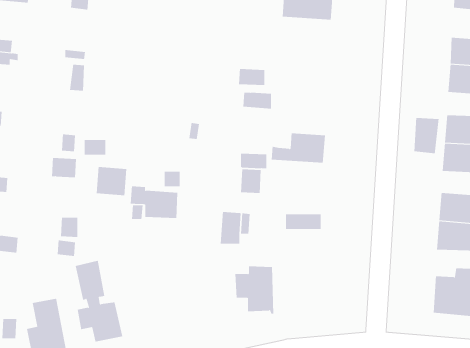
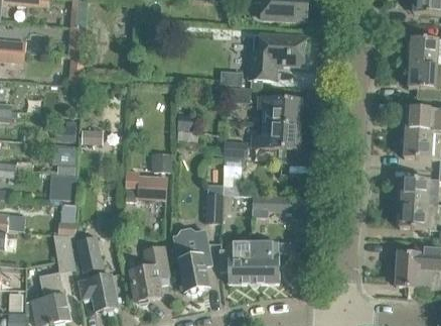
building: none -> [247,33,303,79]
building: none -> [259,97,300,124]
building: [414,117,439,154] -> none
building: [96,166,127,196] -> [51,169,80,195]
building: none -> [173,226,211,292]
building: none -> [51,235,75,267]
building: none -> [252,241,280,285]
building: none -> [129,245,167,300]

